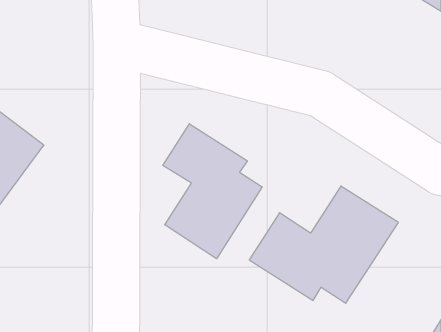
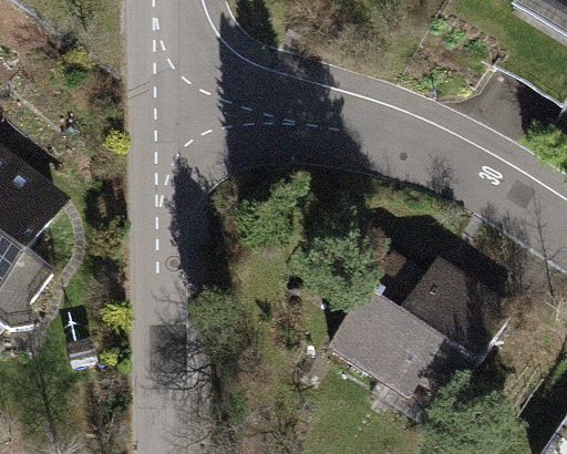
building: [163,124,262,259] -> none

